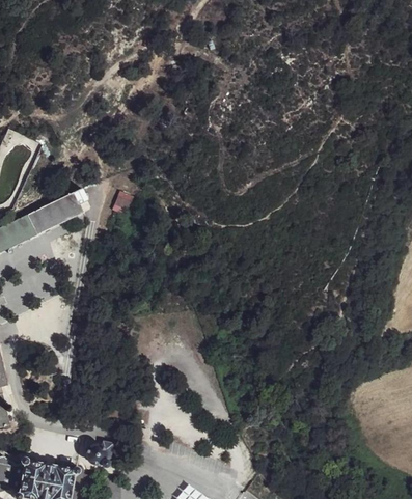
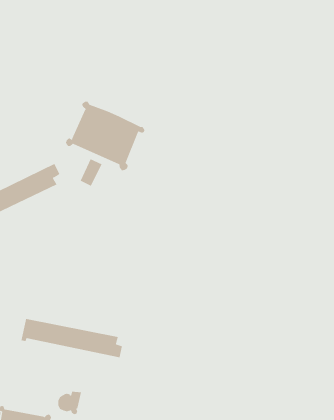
building: none -> [66,101,145,171]
building: none -> [21,318,123,358]

